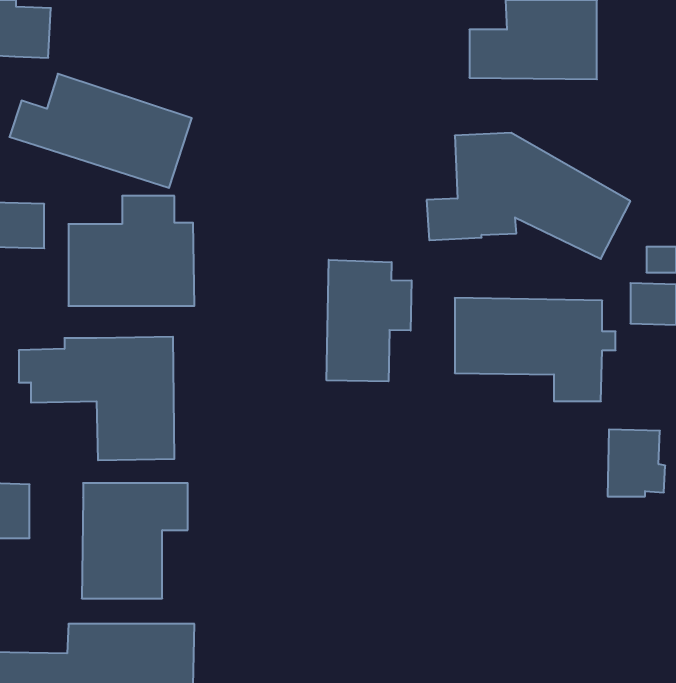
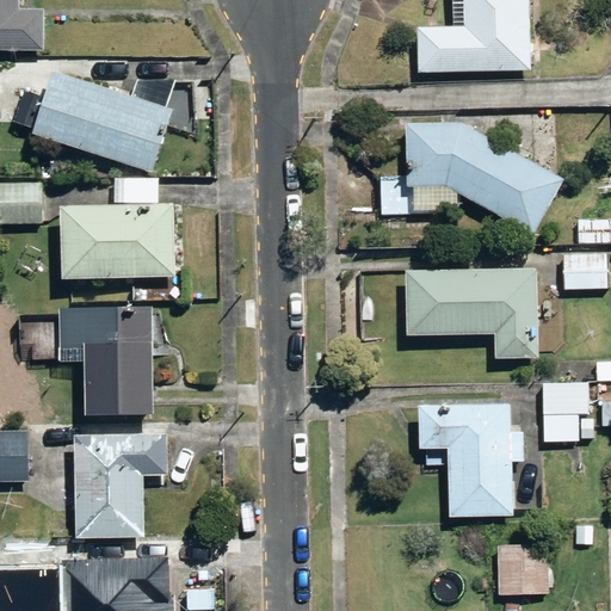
building: [327,260,412,381] -> none
building: none -> [419,405,523,519]
building: none -> [496,545,544,597]

